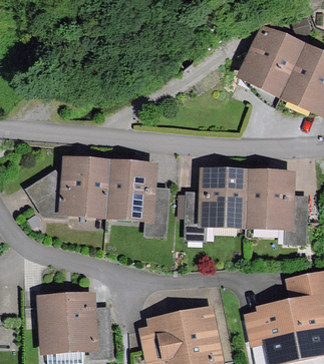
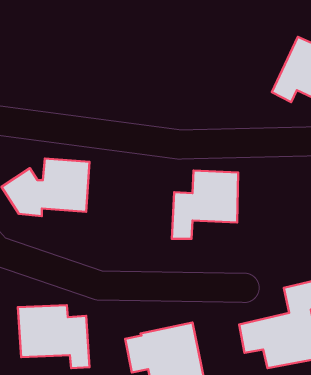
building: [245,31,301,100] -> none
building: [105,164,166,232] -> none
building: [245,174,304,240] -> none

